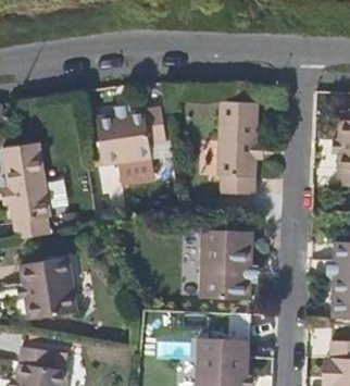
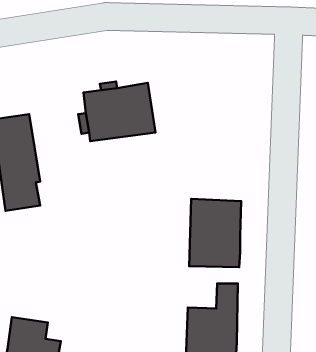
building: [215,101,257,194] -> none
building: [21,254,77,319] -> none

